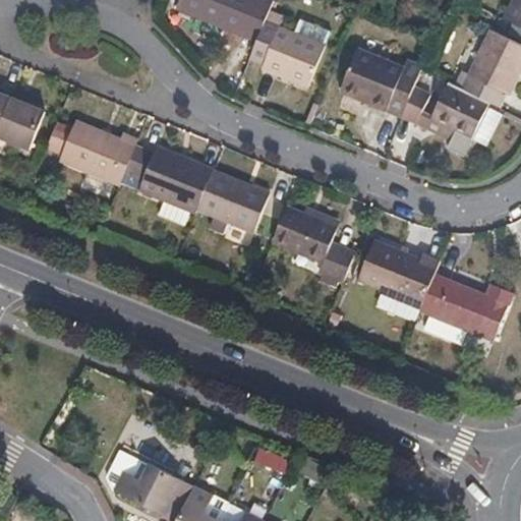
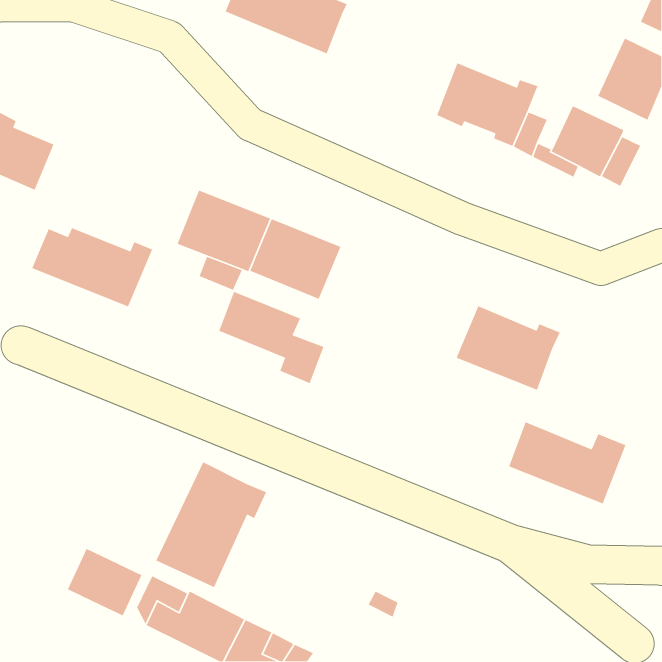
building: [250,11,332,86] -> none
building: [42,122,137,185] -> [31,227,153,308]
building: [271,211,354,284] -> [218,291,325,384]
building: [420,274,513,339] -> [508,421,626,504]
building: none -> [155,461,267,588]
building: none -> [67,548,142,617]

